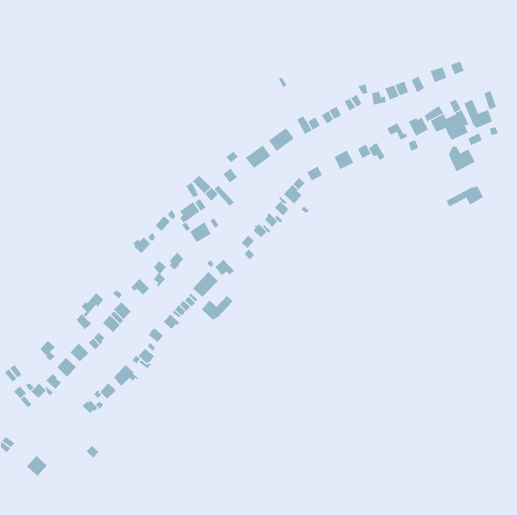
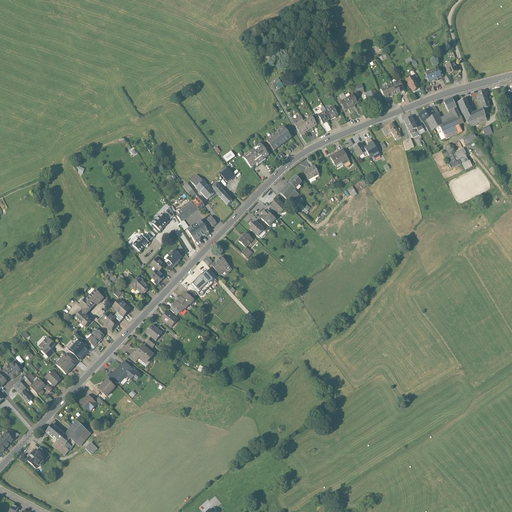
building: [446,186,484,207] -> none
building: [201,295,233,321] -> none
building: none -> [46,421,91,451]

